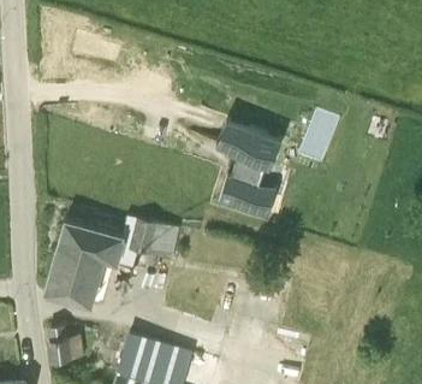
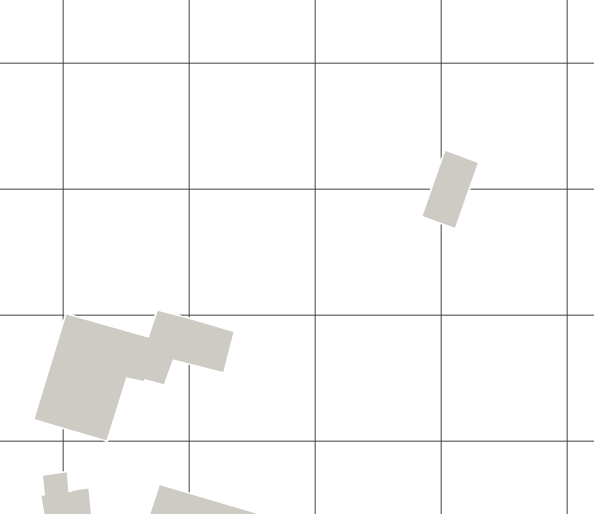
building: [220,119,280,214] -> none

